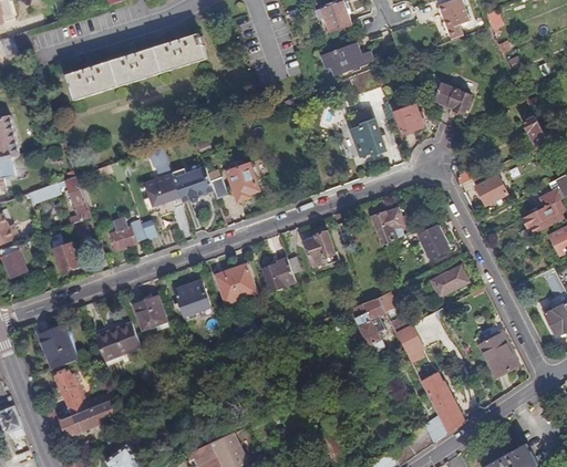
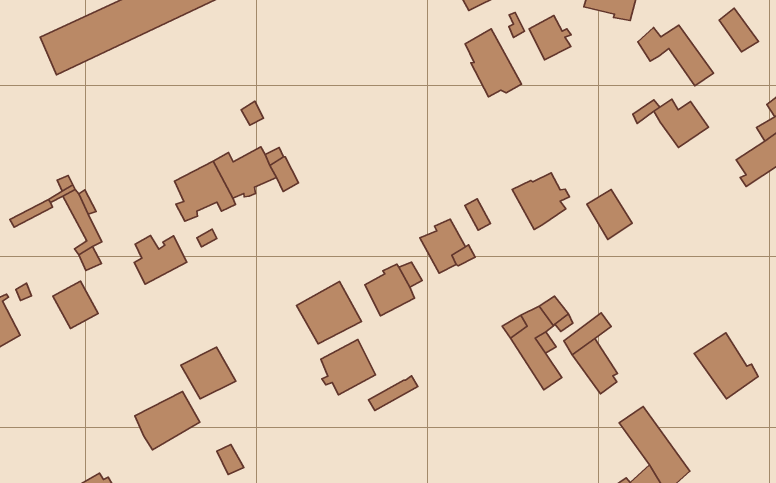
building: none -> [638,25,714,86]
building: [227,164,259,200] -> none
building: [431,266,470,298] -> none
building: [174,281,210,316] -> [321,339,376,395]
building: [42,326,79,370] -> none

